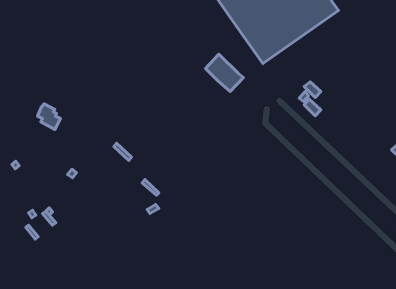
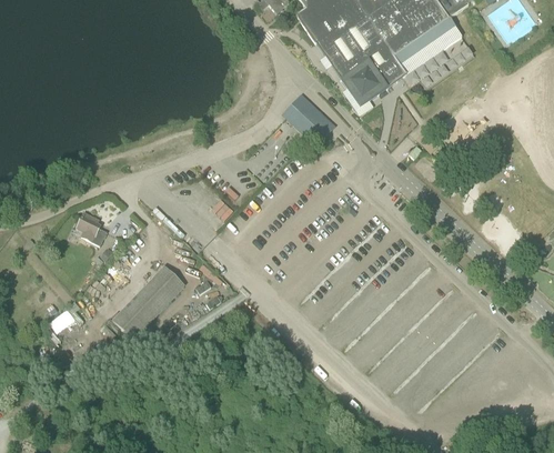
building: [37,104,61,129] -> [77,210,108,244]
building: none -> [113,263,185,339]

